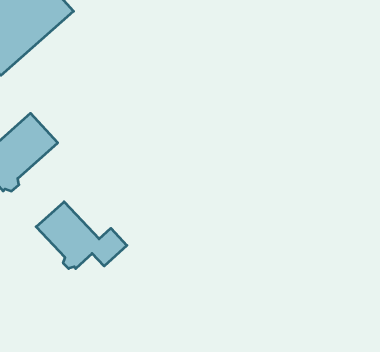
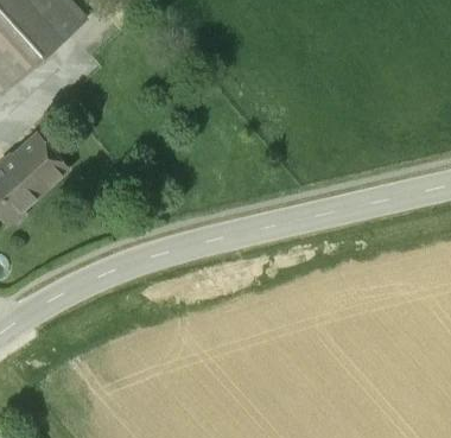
building: [36,202,127,269] -> none

